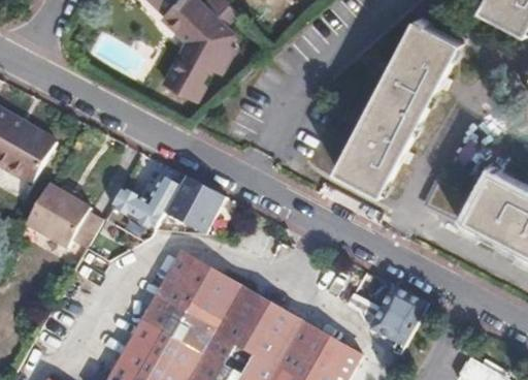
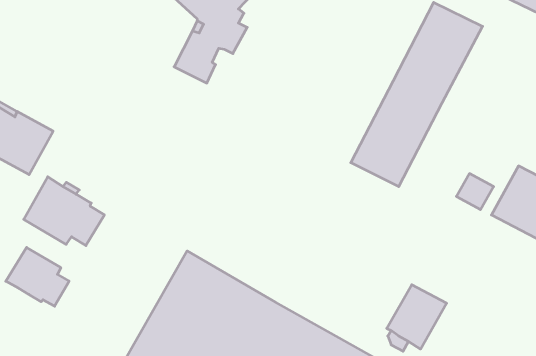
building: [113,176,222,233] -> none
building: none -> [6,247,69,306]

